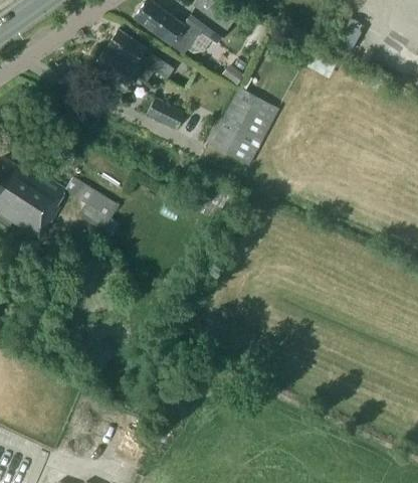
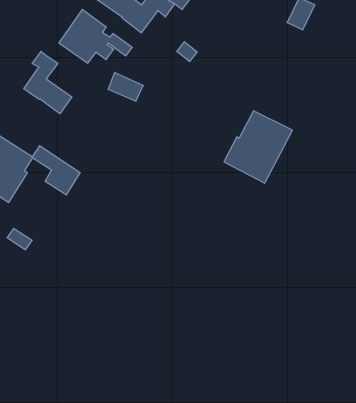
building: none -> [24,51,72,114]
building: [205,88,279,166] -> [224,111,292,183]

